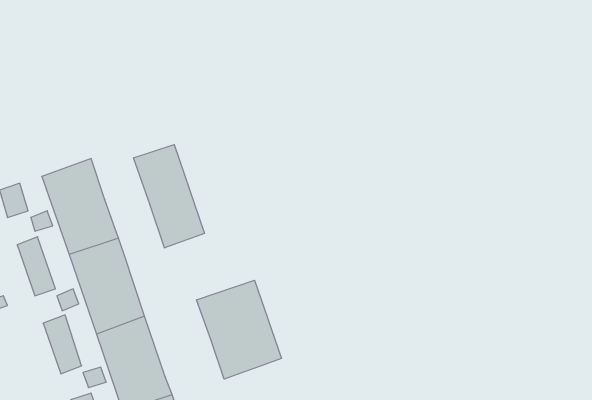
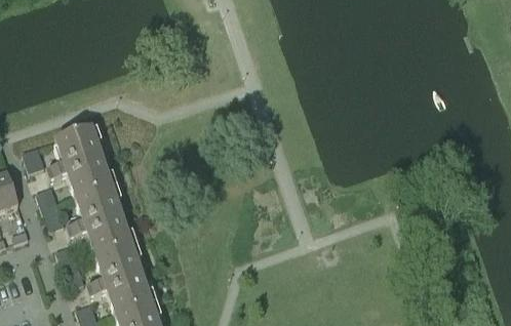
building: [134,145,205,248] -> none
building: [197,280,281,379] -> none

